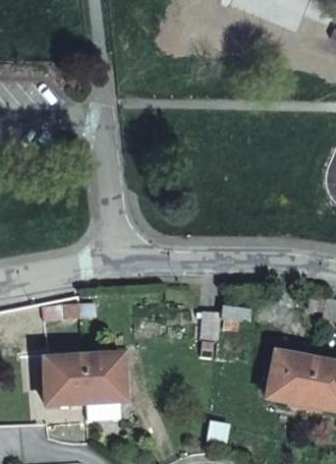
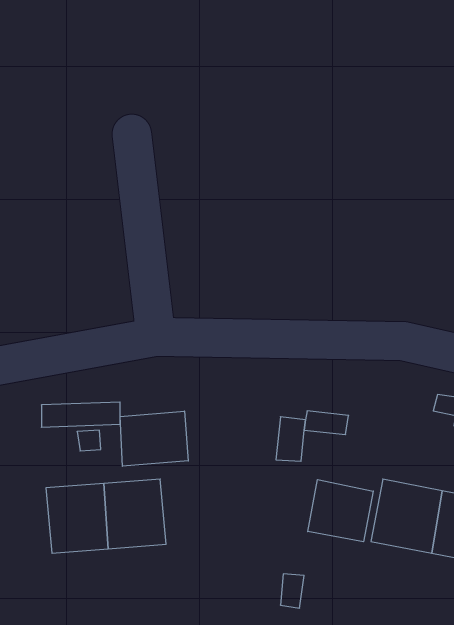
building: none -> [120,411,188,466]
building: none -> [308,480,373,542]

